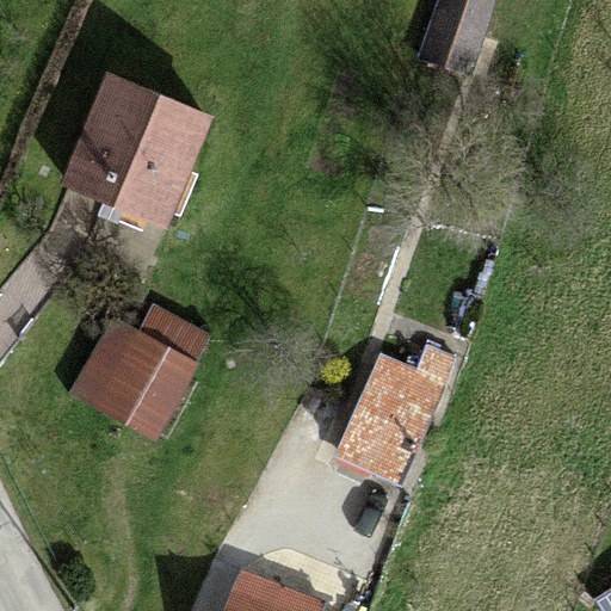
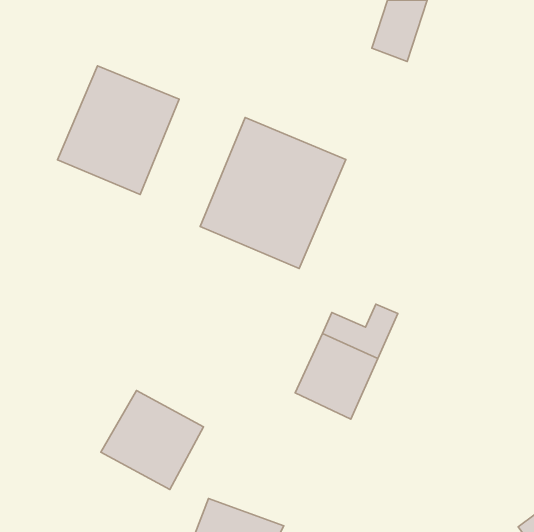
building: none -> [200,118,346,268]
building: [74,319,191,432] -> [101,390,203,490]

